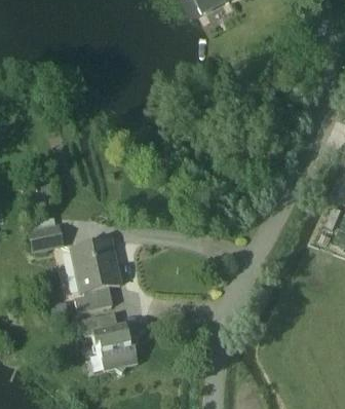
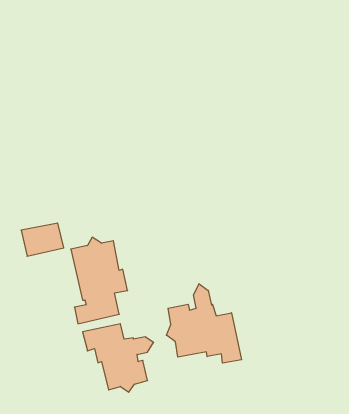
building: none -> [166,284,242,363]

